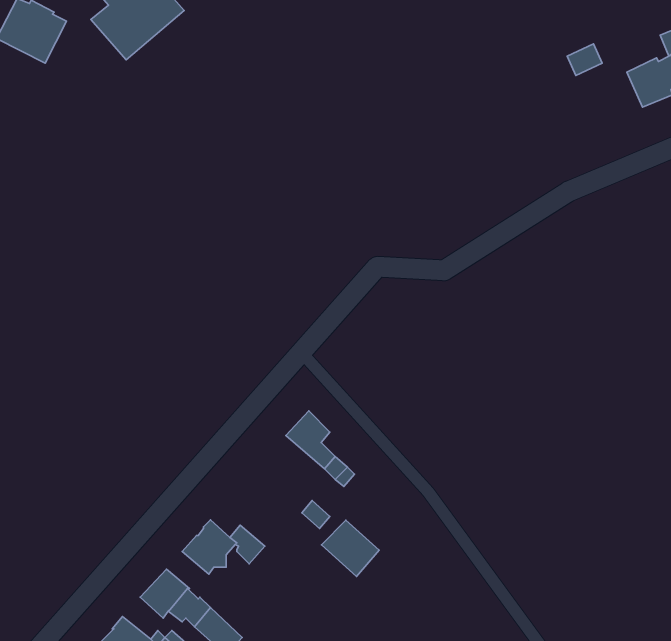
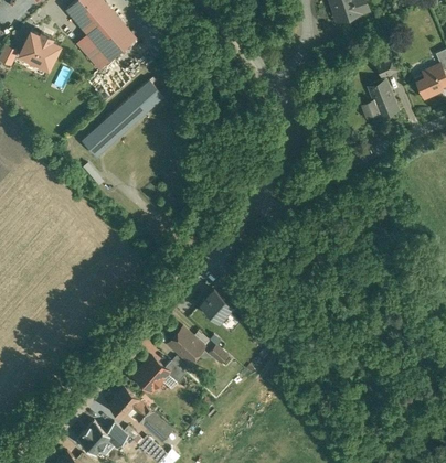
building: none -> [82,80,164,157]
building: none -> [369,80,397,114]
building: [321,520,379,576] -> [168,327,204,363]

